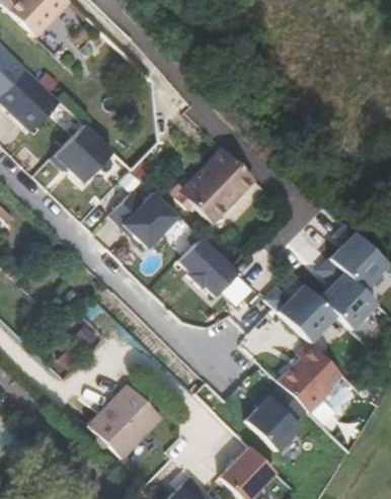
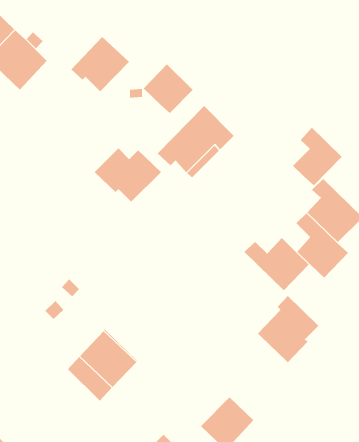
building: none -> [143,64,194,114]
building: [55,128,115,185] -> [71,36,130,92]
building: none -> [292,127,343,186]
building: [180,239,239,298] -> none
building: [248,387,309,451] -> none

